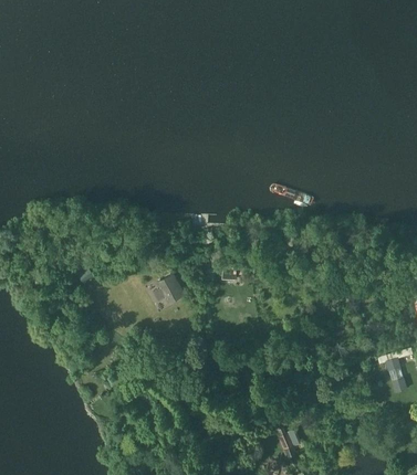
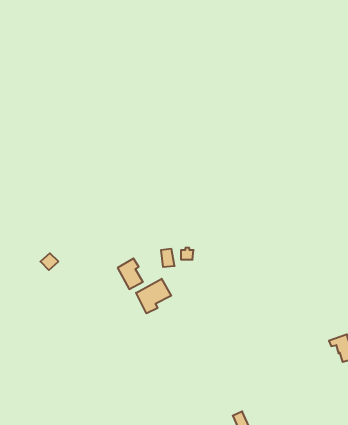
building: none -> [136,279,171,313]

